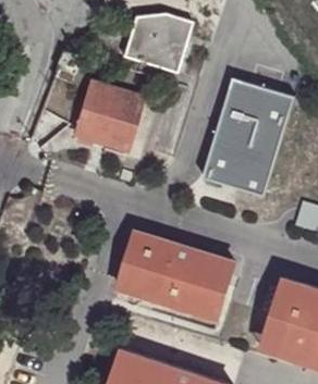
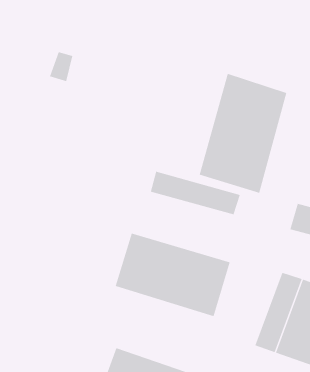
building: [122,17,192,74] -> none
building: [73,85,139,151] -> none
building: none -> [150,171,241,215]

